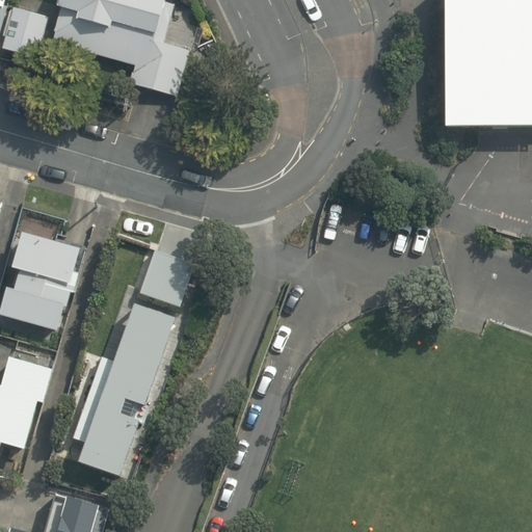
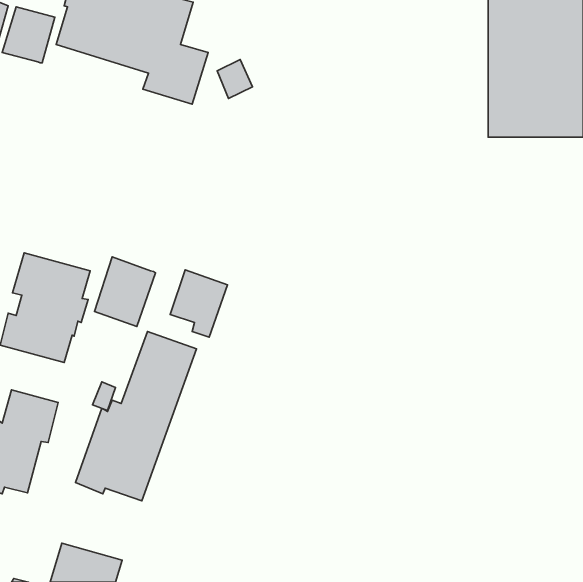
building: none -> [95,257,155,327]

